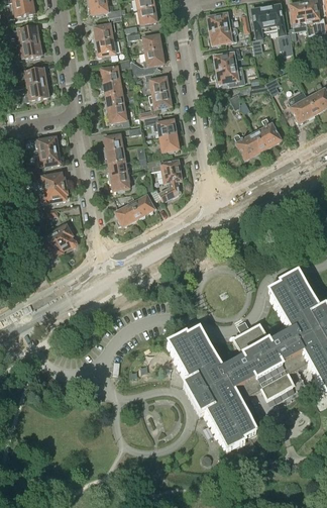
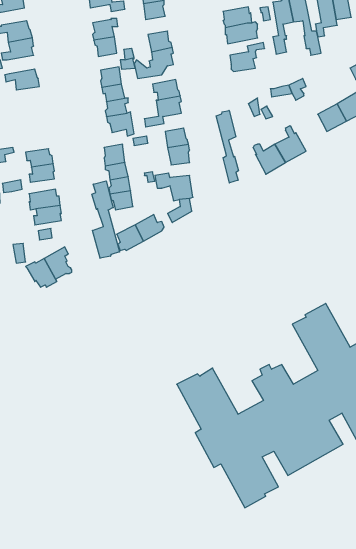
building: [215,65,243,85] -> none
building: [20,82,48,101] -> none
building: none -> [216,110,238,183]
building: none -> [92,181,120,258]

